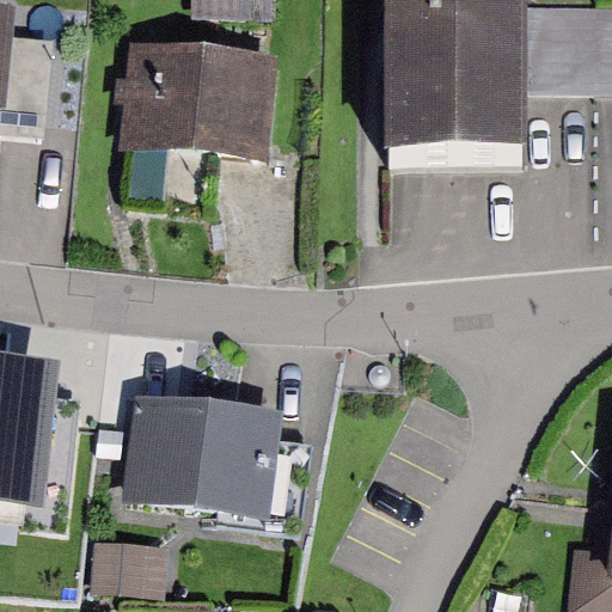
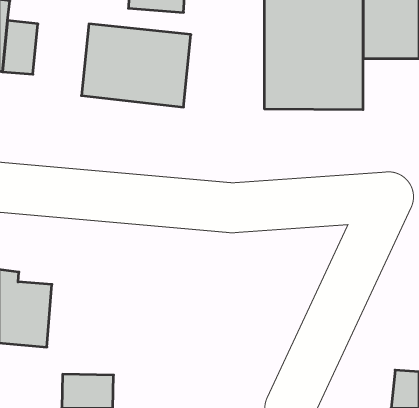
building: [116,394,276,522] -> none

